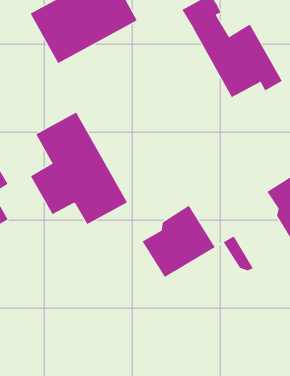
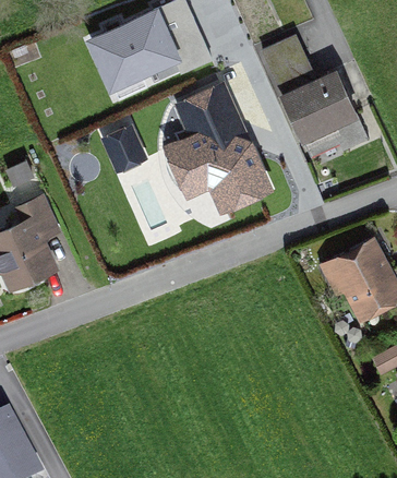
building: [30,112,128,225] -> [166,83,270,208]
building: [142,205,254,278] -> none

